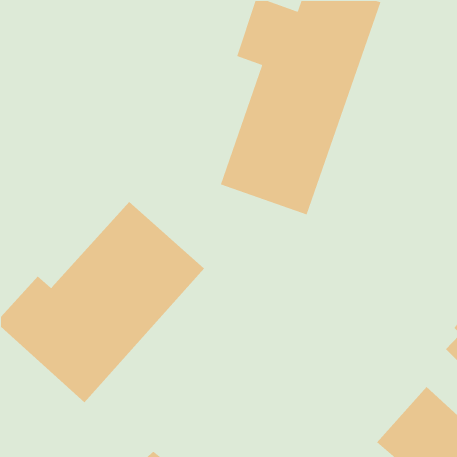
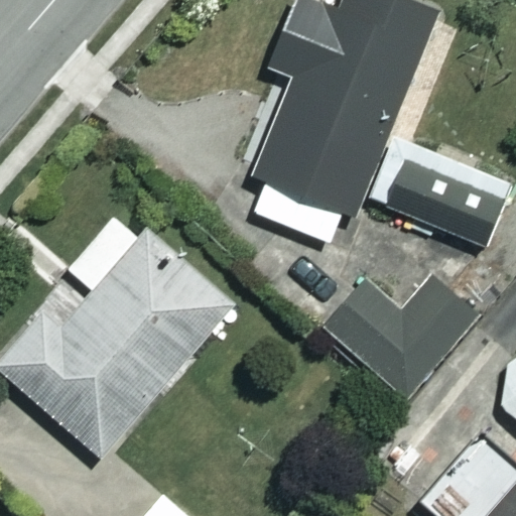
building: none -> [367,134,508,243]
building: none -> [325,278,477,399]

